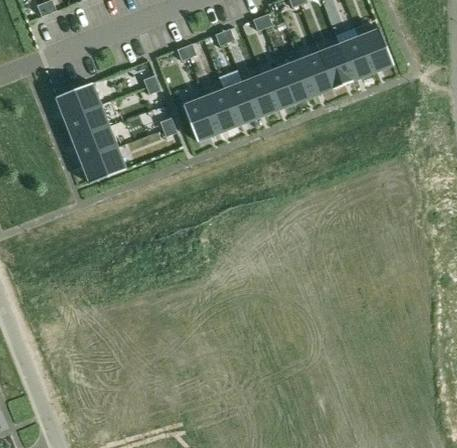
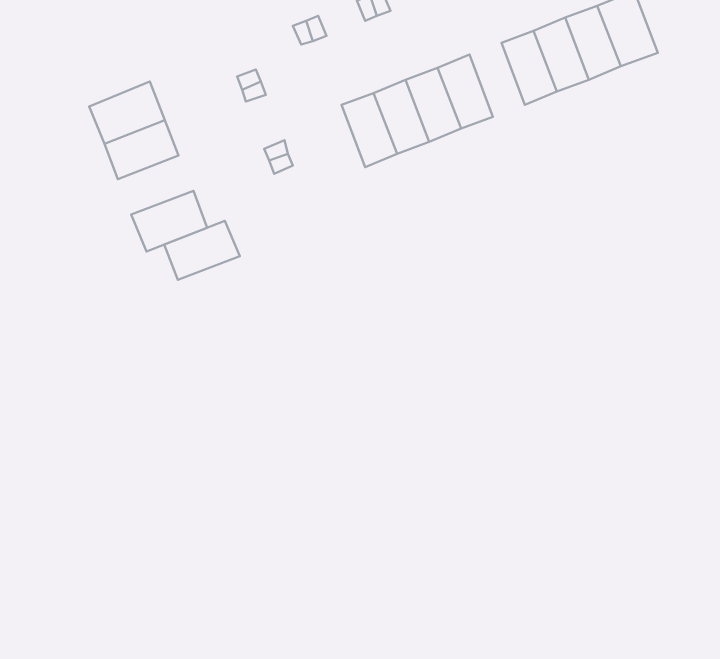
building: [281,58,314,102] -> none
building: [182,95,219,140] -> none
building: [72,125,117,160] -> [164,221,240,280]

